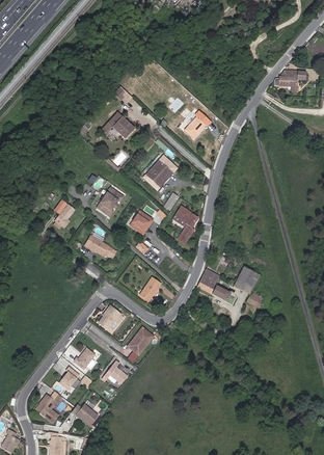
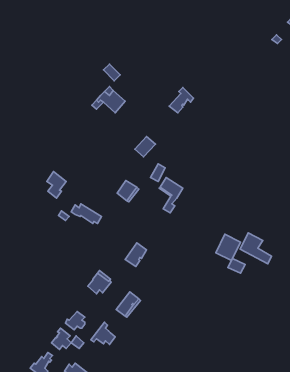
building: [274,70,307,86] -> none
building: [96,186,124,216] -> none
building: [197,268,231,301] -> [240,233,272,264]

